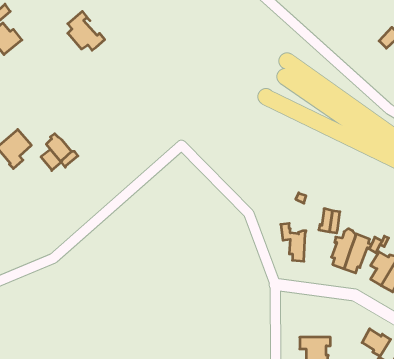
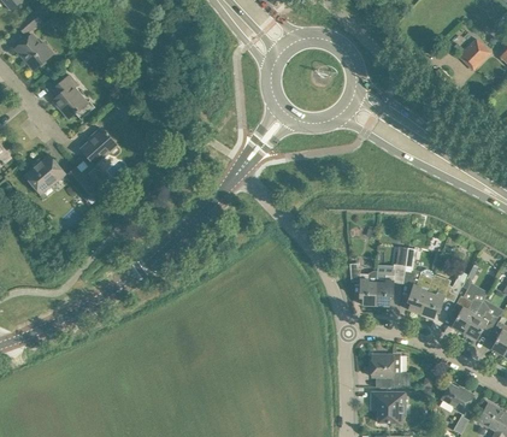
building: [68,11,105,50] -> [53,73,95,118]
building: none -> [82,126,120,163]
building: none -> [376,273,395,305]
building: none -> [370,353,411,386]

